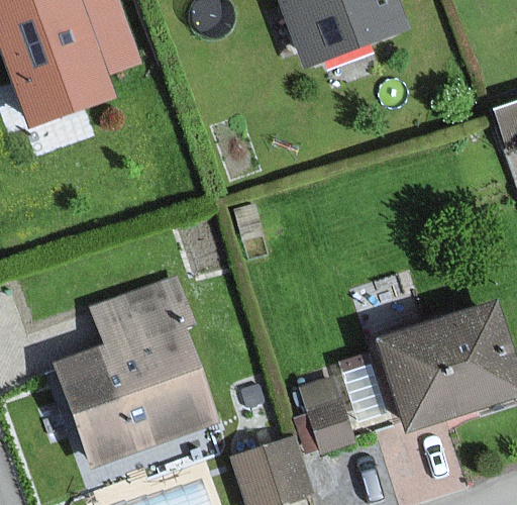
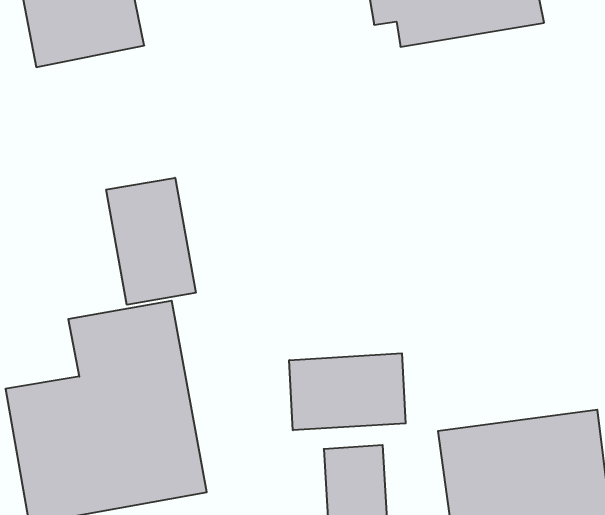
building: none -> [106,178,196,305]
building: none -> [289,353,406,430]

